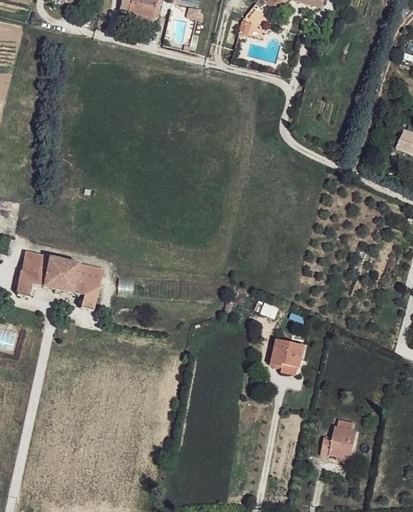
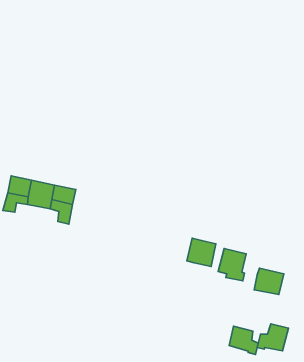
building: none -> [187,238,216,267]
building: none -> [254,268,284,295]
building: none -> [229,326,258,355]

